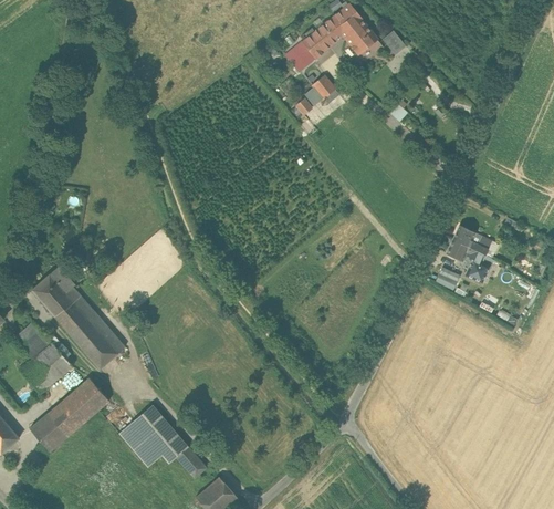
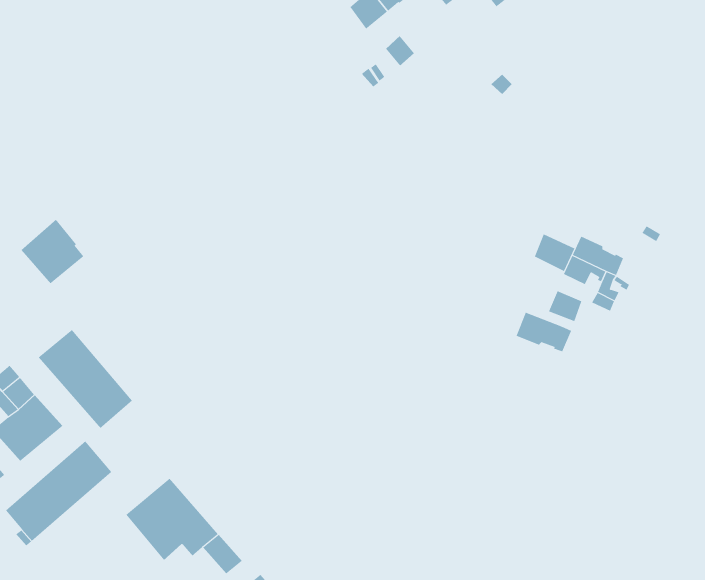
building: none -> [534,233,575,272]
building: [32,267,80,315] -> [20,219,84,284]
building: none -> [516,312,572,352]

